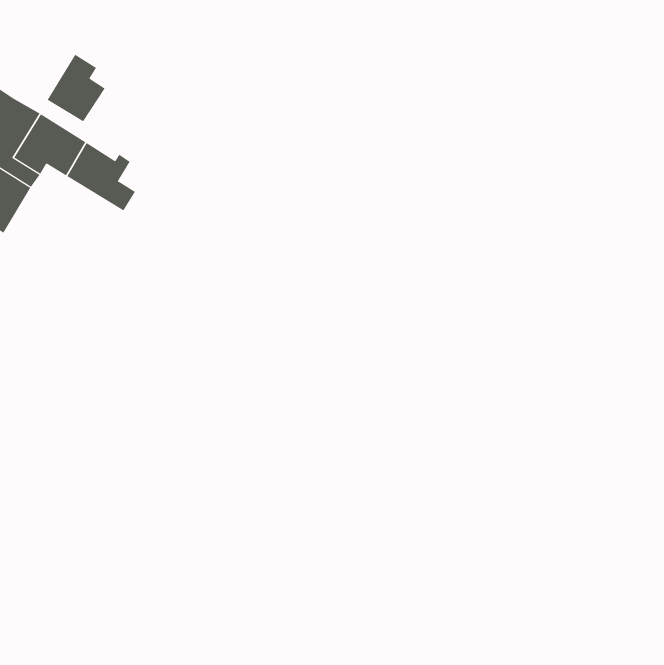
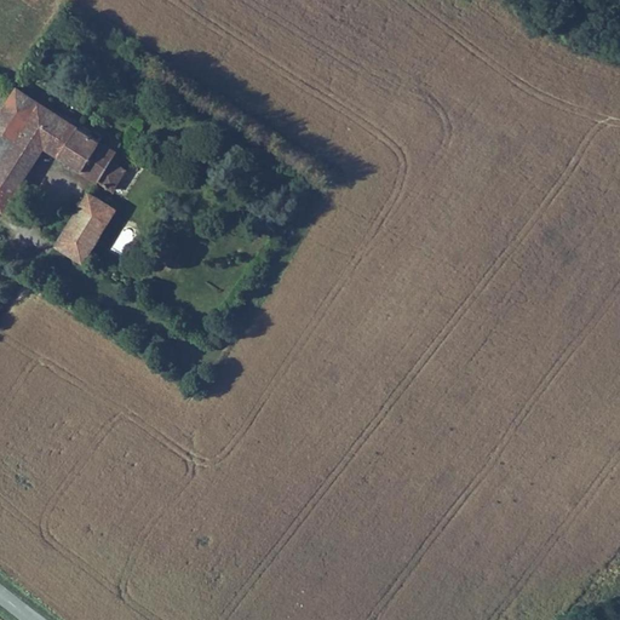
building: [47,54,105,122] -> none
building: none -> [53,186,115,258]

